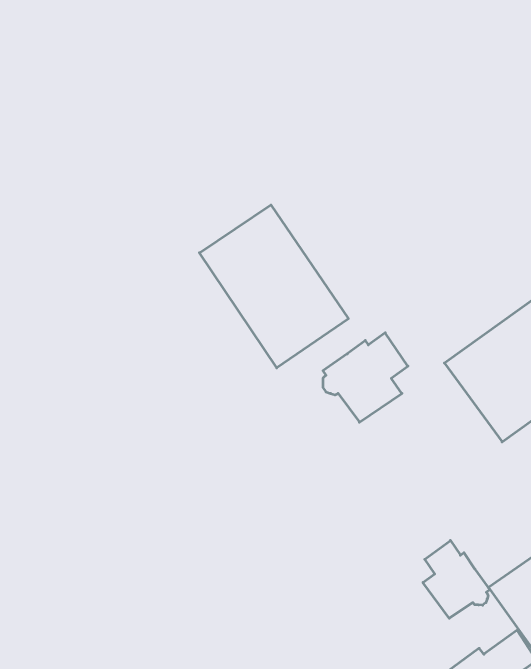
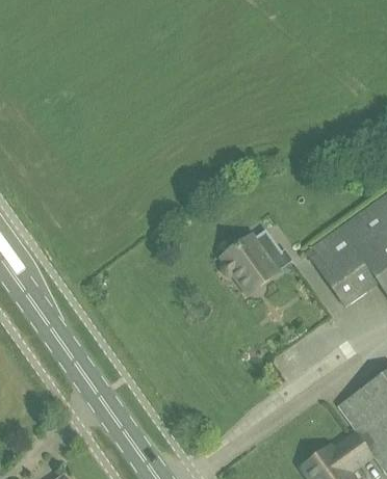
building: [199,205,348,368] -> none
building: [423,540,490,618] -> none

